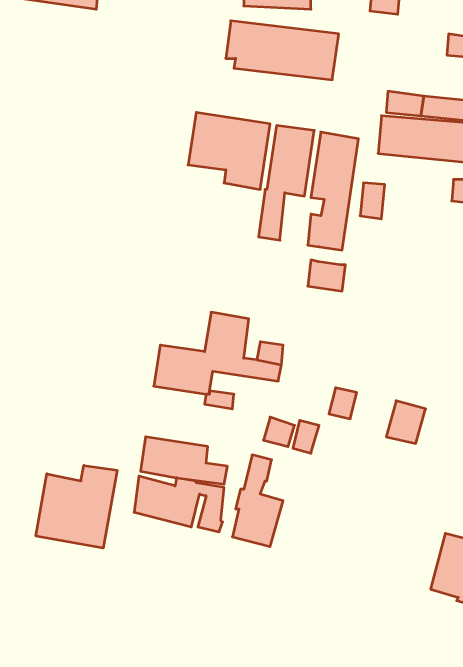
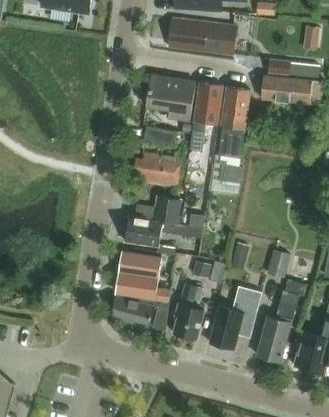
building: none -> [142,125,174,146]
building: none -> [135,152,181,187]
building: none -> [120,251,162,278]
building: none -> [257,280,306,361]
building: none -> [209,286,262,349]
building: [36,465,117,548] -> none

